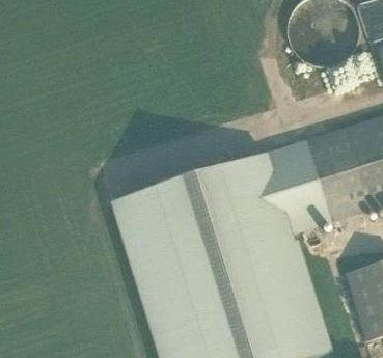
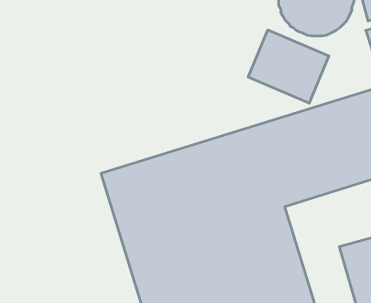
building: none -> [248,30,329,103]

